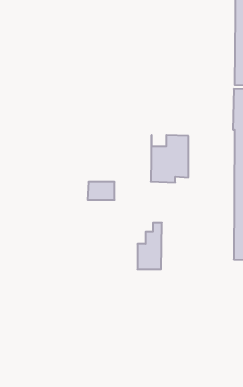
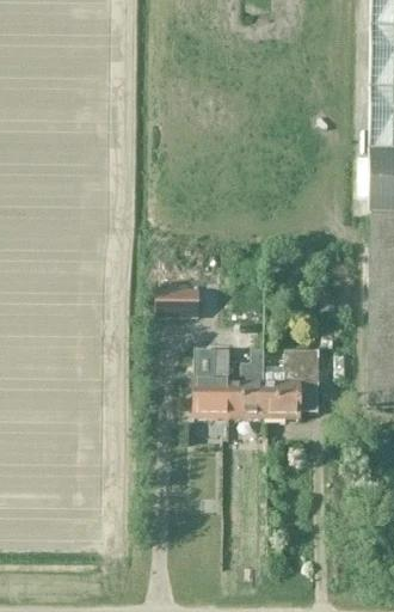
building: [151,135,188,182] -> [263,348,318,417]
building: none -> [193,348,229,416]

